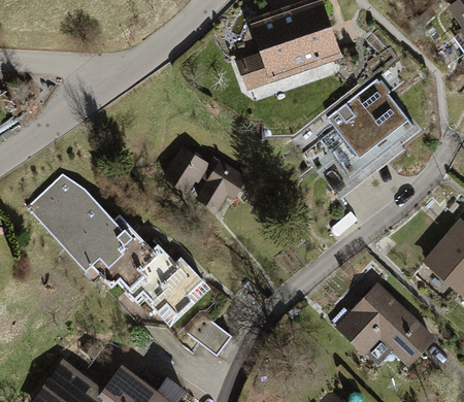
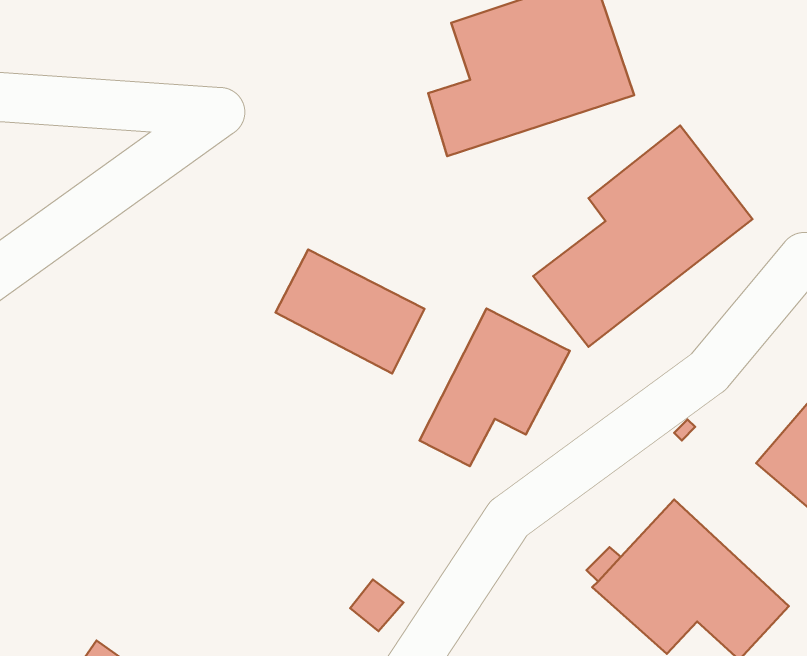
building: [34,175,205,326] -> none
building: none -> [419,308,570,466]

